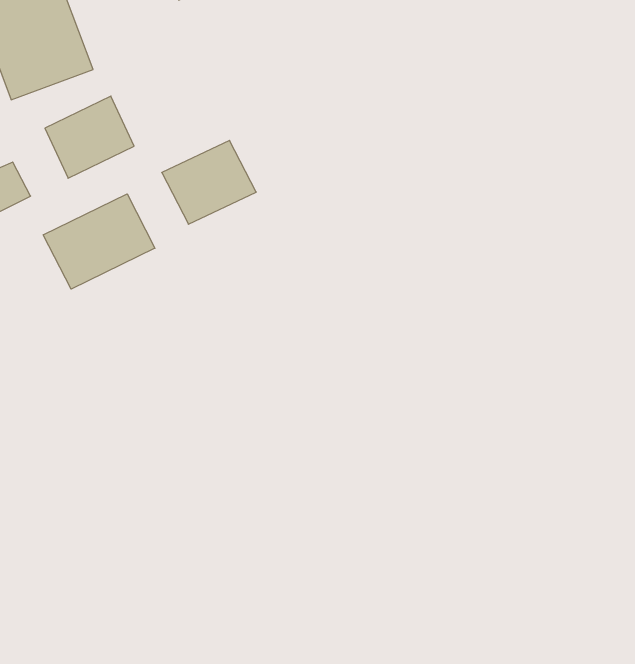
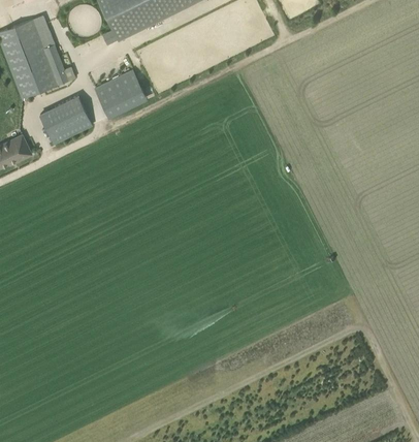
building: [162,140,256,224] -> [93,69,148,118]
building: [43,194,155,289] -> none

